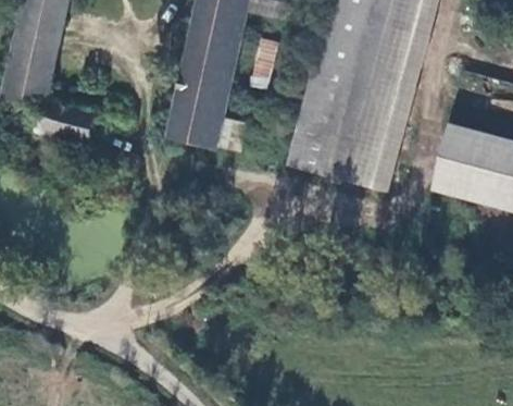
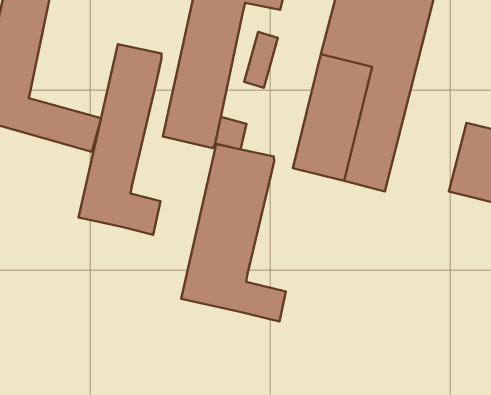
building: none -> [78,44,162,235]
building: none -> [181,144,286,322]

